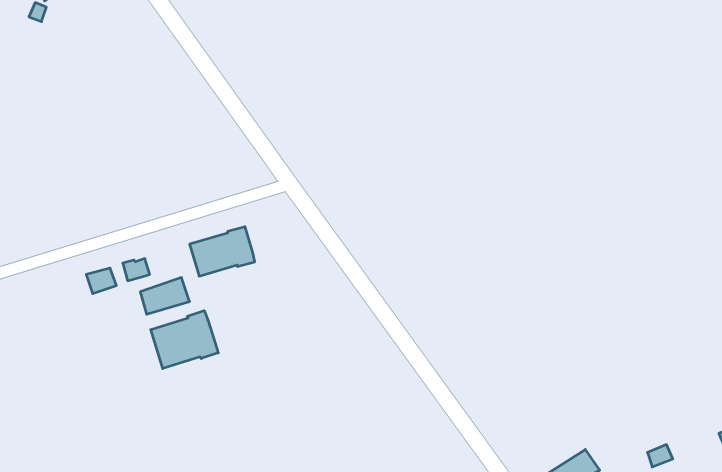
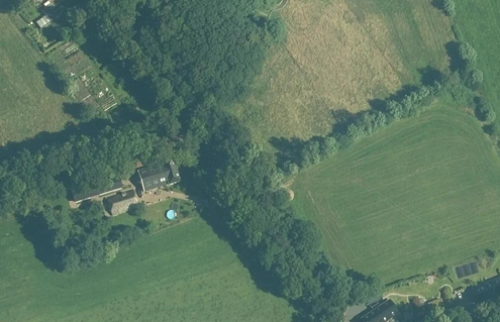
building: [151,311,218,369] -> none

